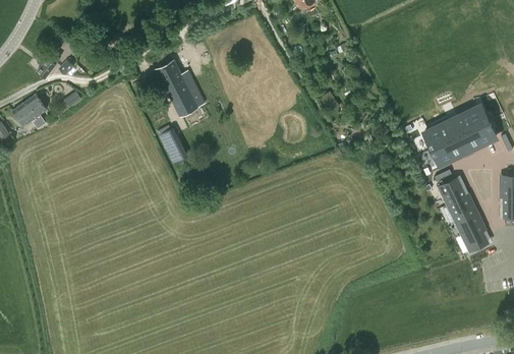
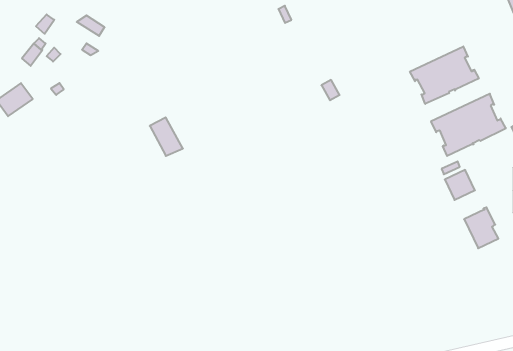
building: none -> [410,46,479,104]
building: [156,60,205,117] -> none
building: [447,196,475,224] -> none

